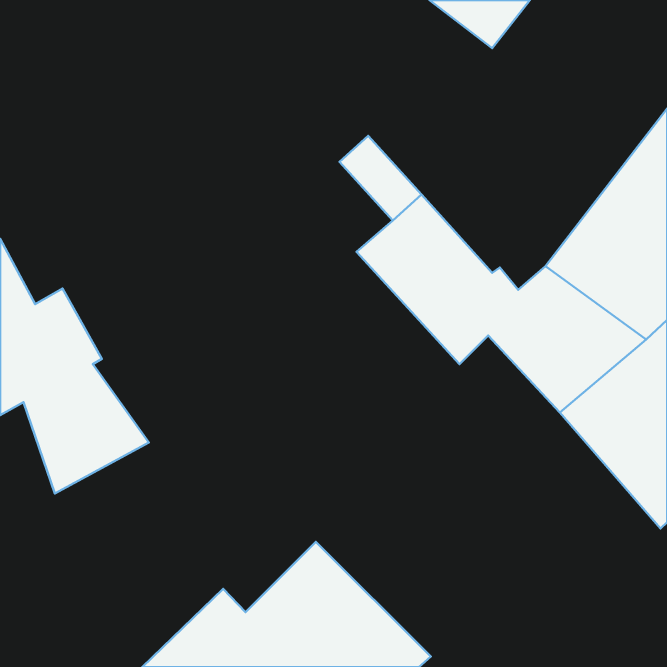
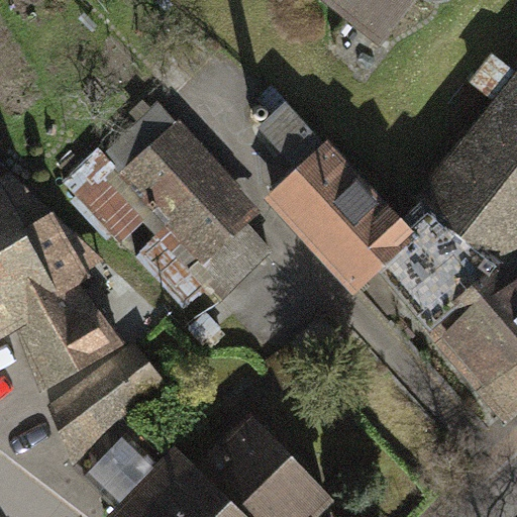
building: none -> [71,108,269,293]
building: none -> [45,346,163,495]

